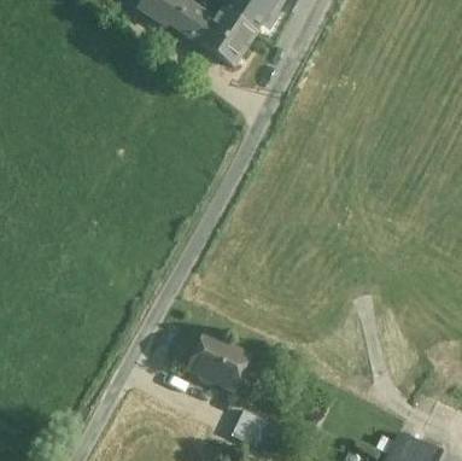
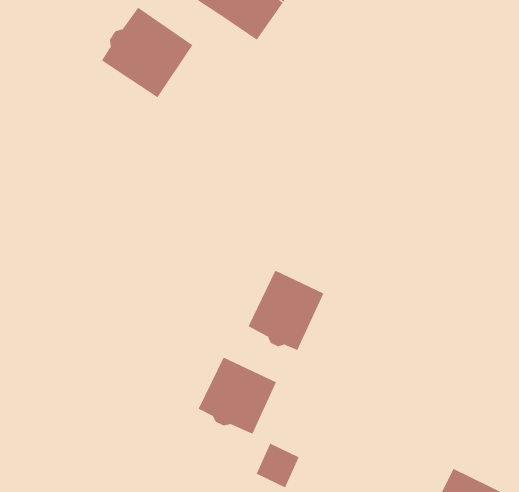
building: none -> [101,7,193,98]
building: none -> [248,270,324,351]

